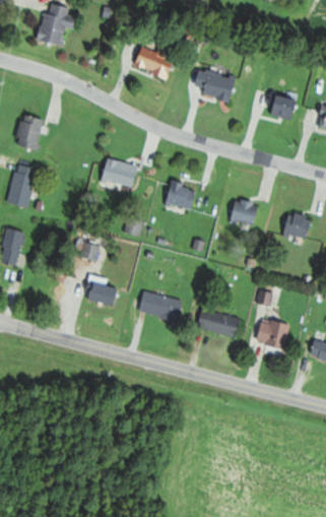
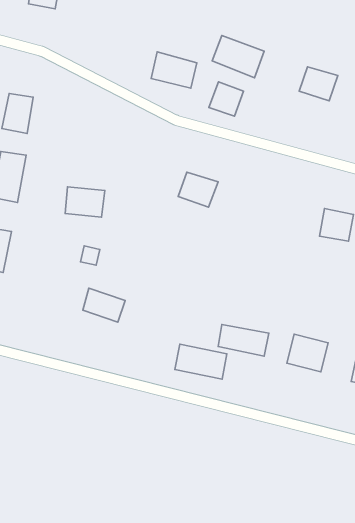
building: [135,47,174,77] -> [151,52,197,88]
building: none -> [209,82,243,116]
building: [104,160,137,186] -> [65,187,105,217]
building: [231,199,259,227] -> none
building: [139,292,183,321] -> [175,344,227,379]

